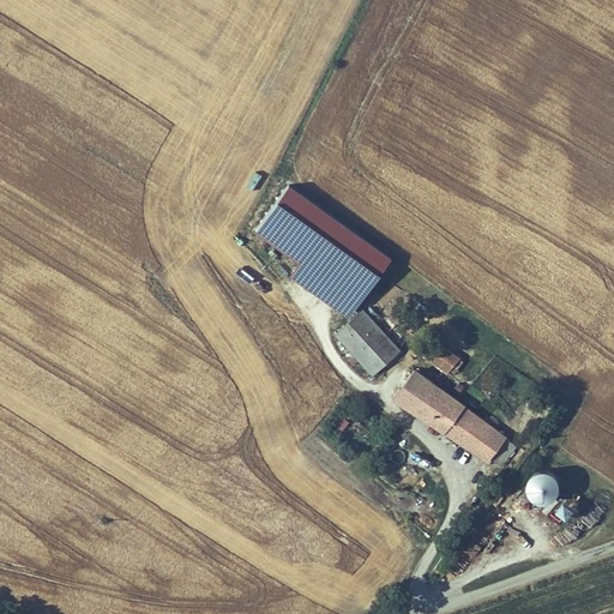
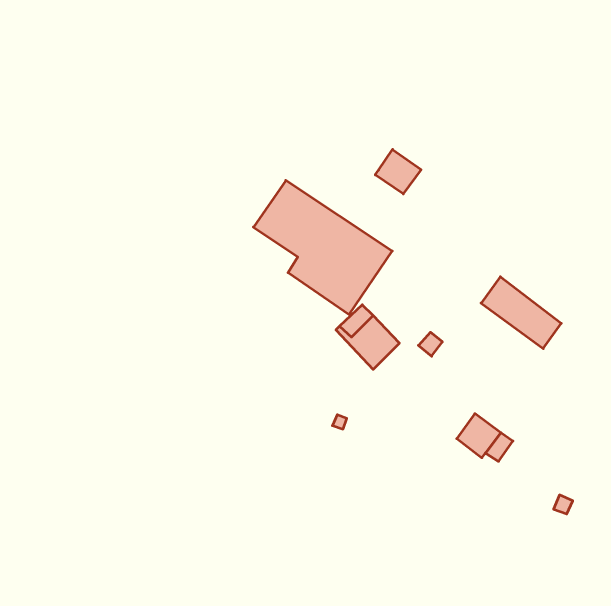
building: none -> [375,149,421,194]
building: [396,373,476,445] -> [481,277,561,349]
building: [522,466,562,506] -> none

